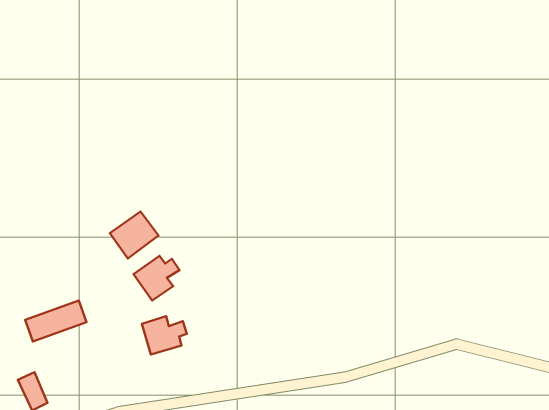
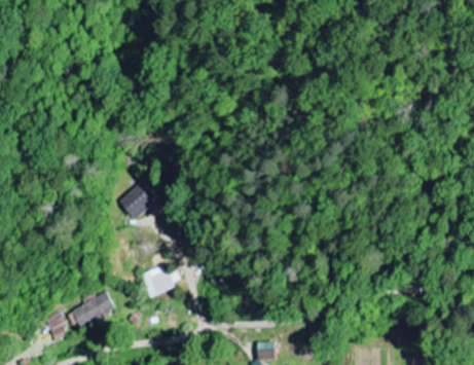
building: [133,256,180,301] -> none
building: [25,301,86,341] -> [66,294,115,327]

